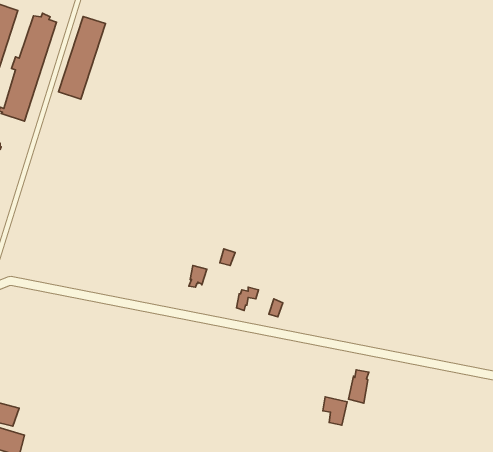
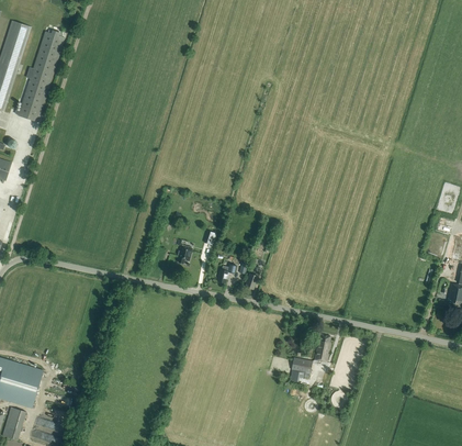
building: [58,16,106,99] -> none

